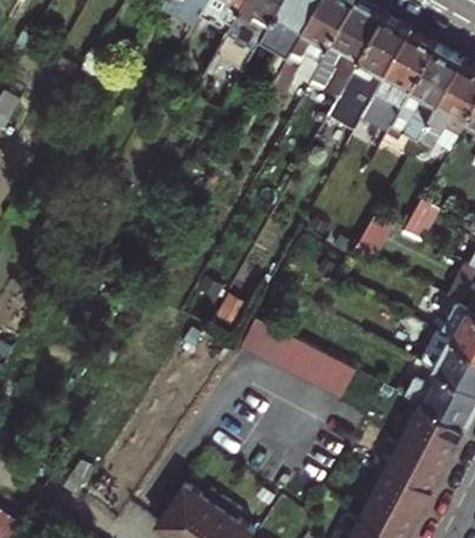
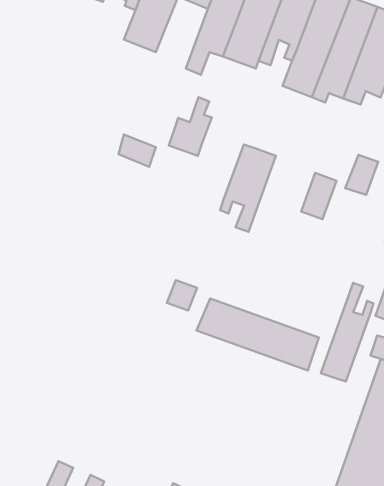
building: [330,81,376,137] -> [169,97,212,156]
building: none -> [220,145,276,232]
building: none -> [321,283,374,381]

